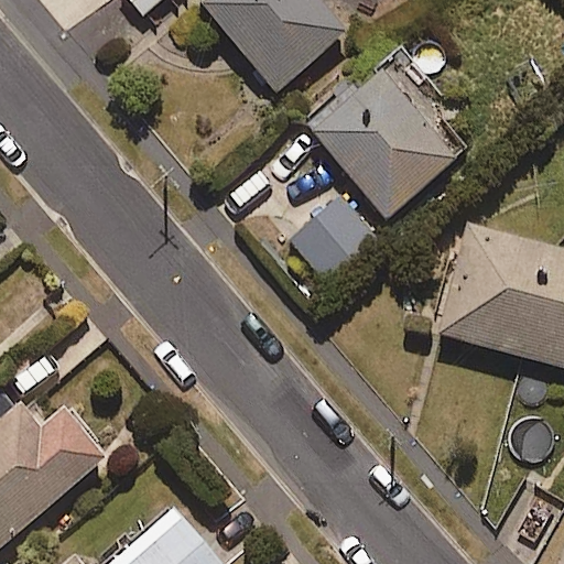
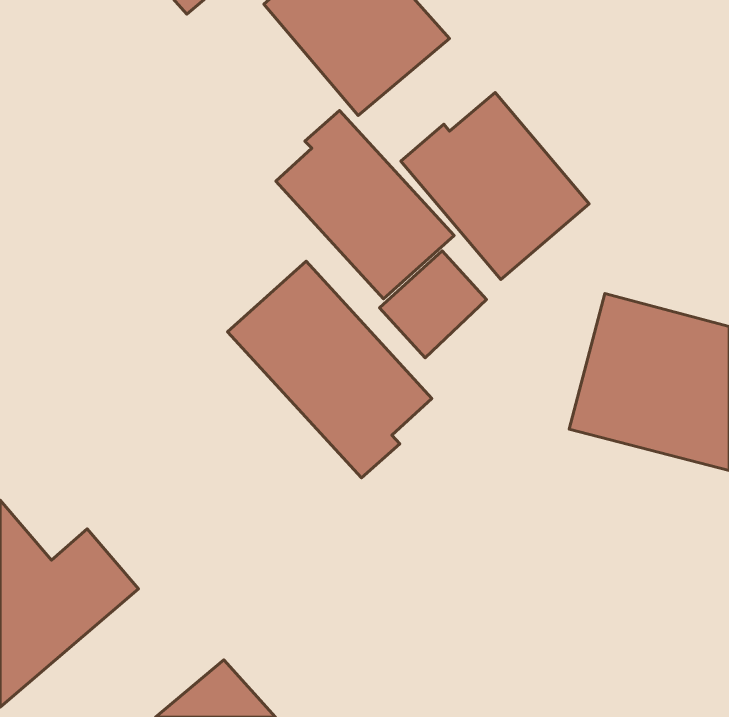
building: none -> [276,110,454,299]
building: none -> [227,261,432,478]

